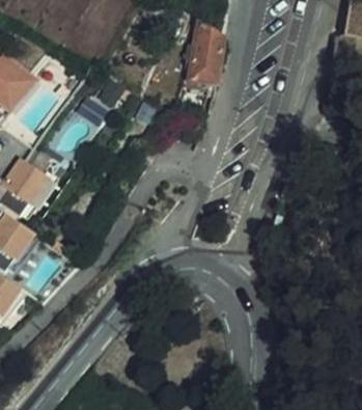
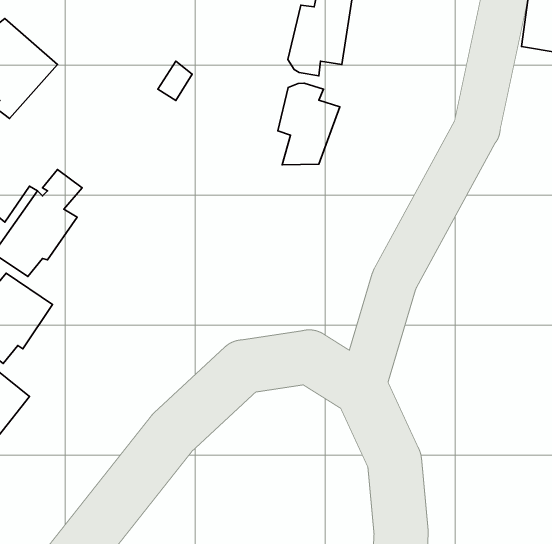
building: none -> [278,83,340,165]

